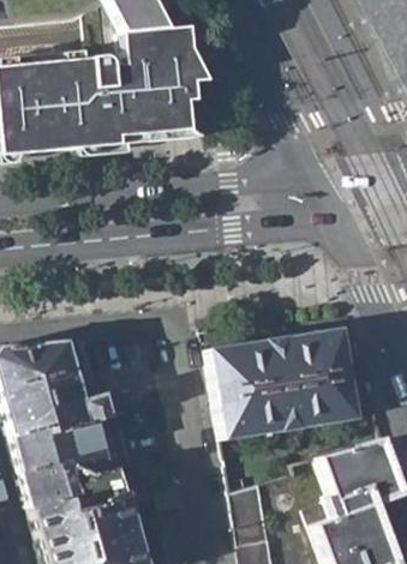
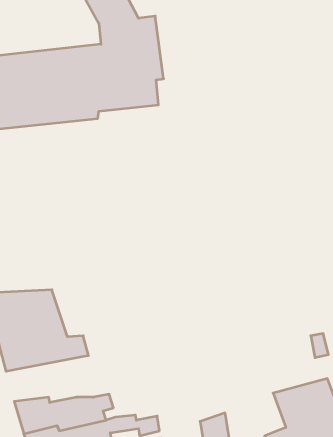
building: [209,326,353,439] -> none
building: [10,413,132,470] -> none

